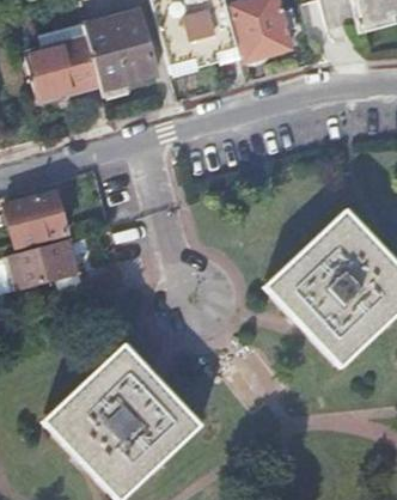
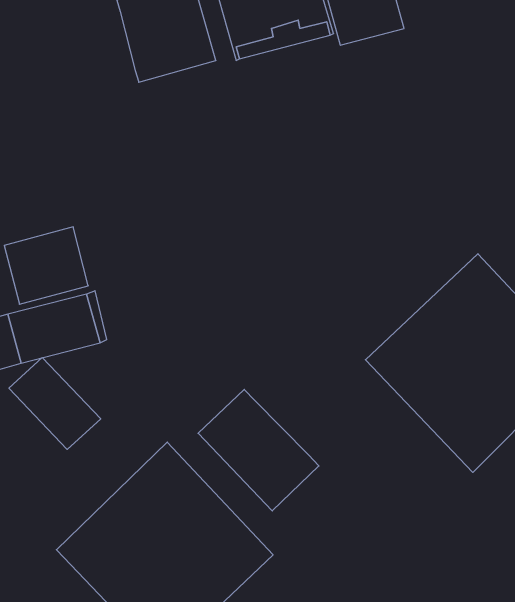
building: [26,39,99,104] -> none
building: none -> [9,358,101,449]
building: none -> [198,389,319,511]

